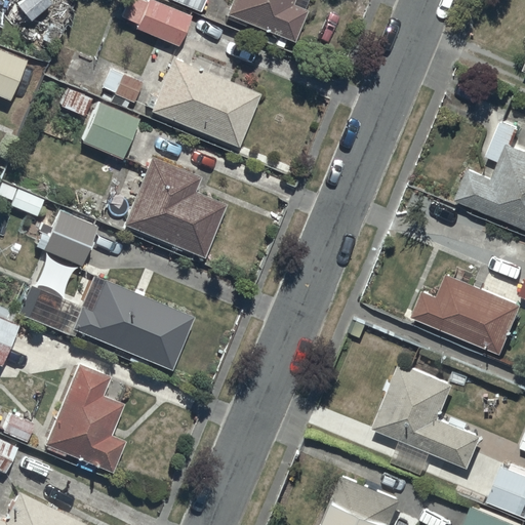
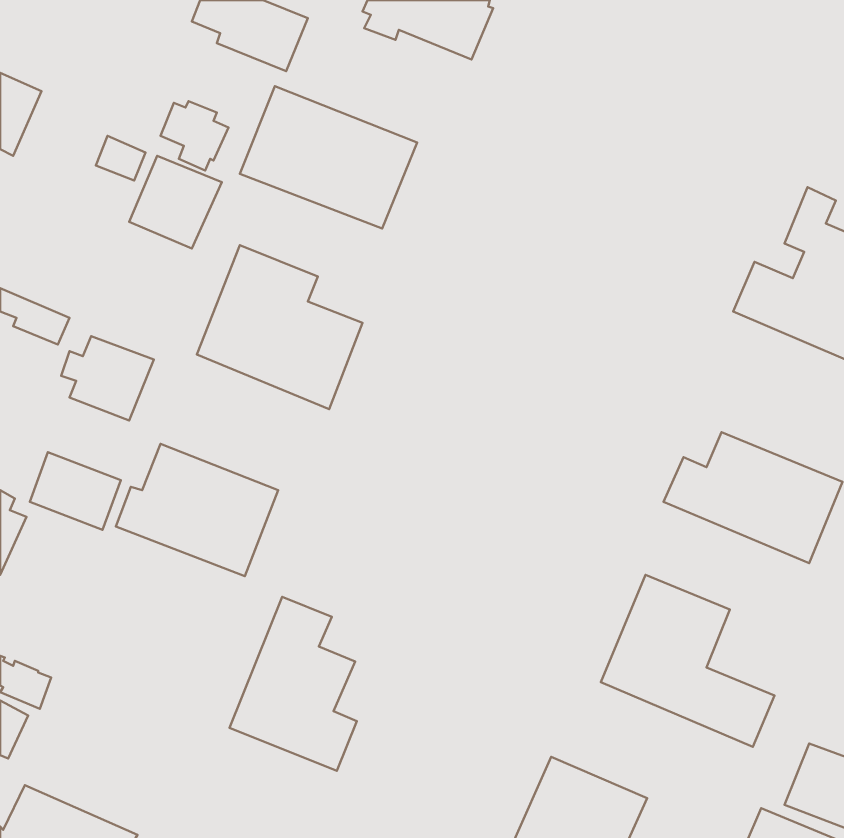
building: [45,364,124,472] -> [229,597,357,771]

